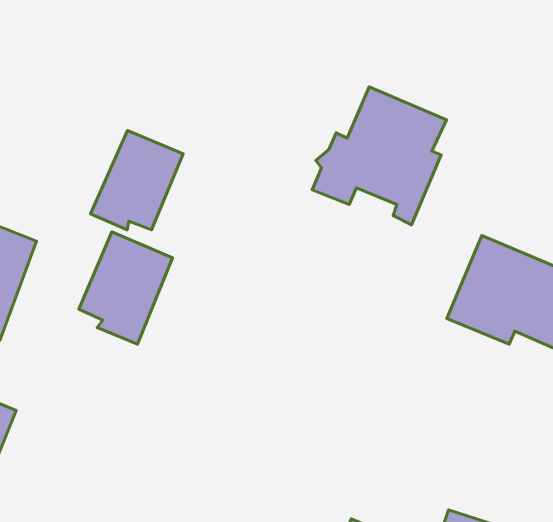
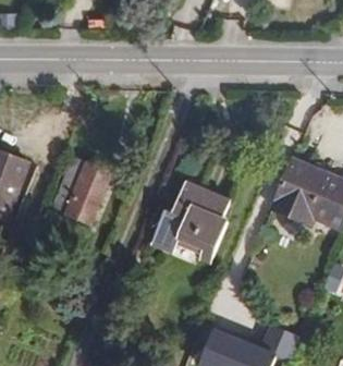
building: [312,87,447,225] -> [150,182,230,264]
building: [91,130,183,230] -> none

